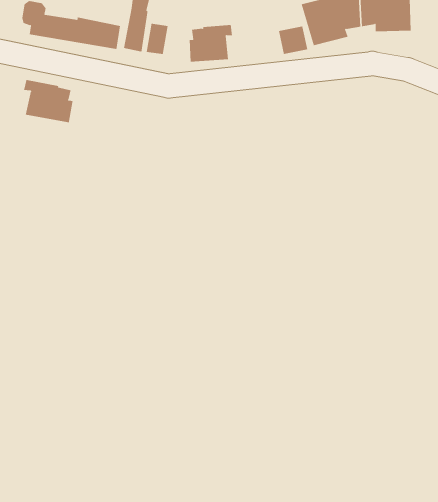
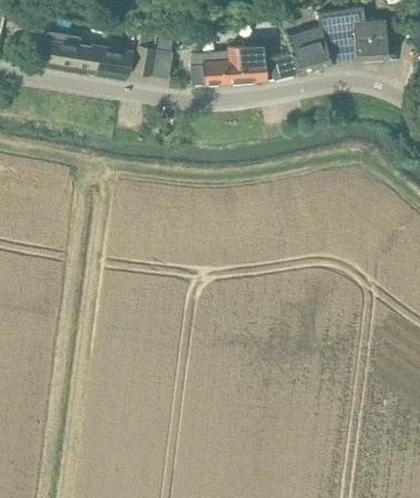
building: none -> [224,42,268,82]
building: [23,79,73,123] -> none

